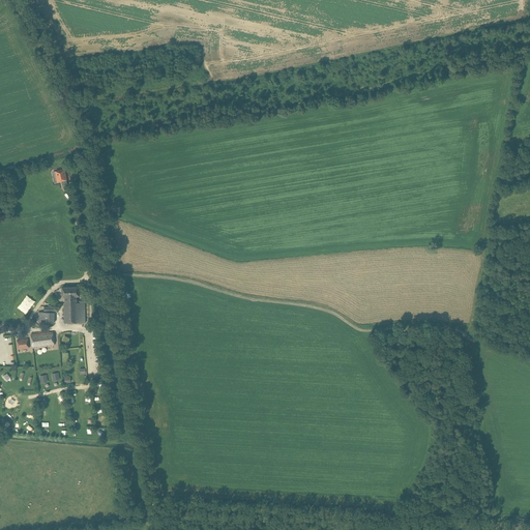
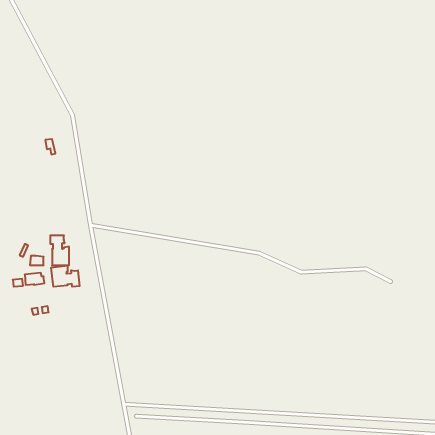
building: none -> [51,266,80,287]

